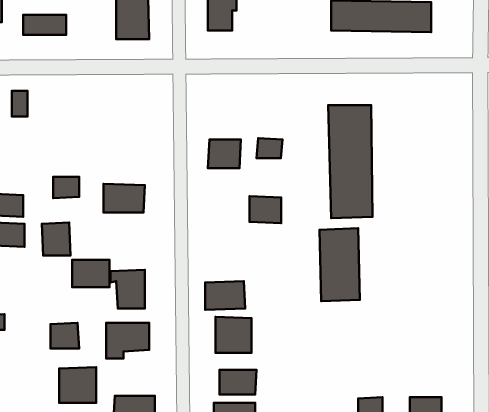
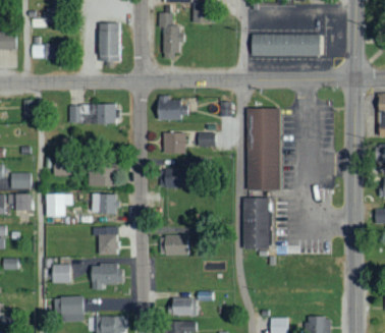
building: none -> [157,96,188,119]
building: none -> [70,105,119,123]
building: [250,196,281,223] -> [161,168,183,187]
building: [72,260,109,287] -> [92,193,118,213]
building: [215,317,251,353] -> none

